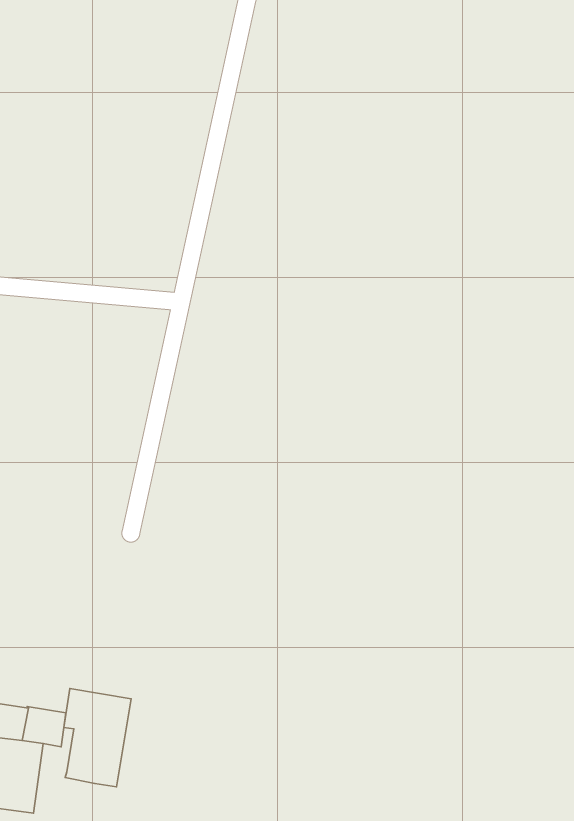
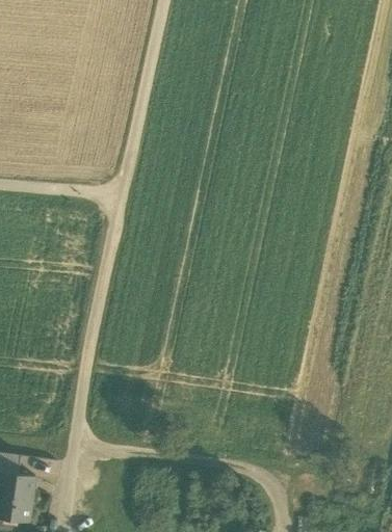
building: [64,688,131,787] -> none

